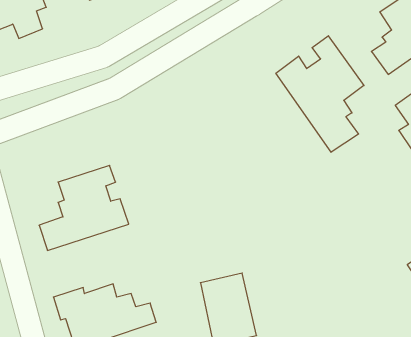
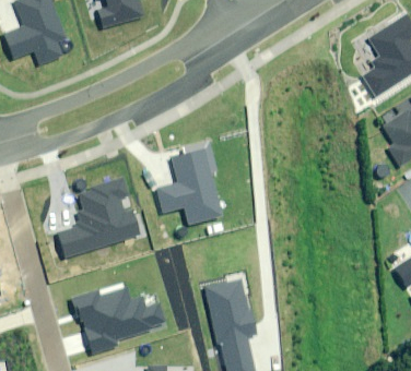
building: [276,36,364,152] -> none
building: none -> [156,148,220,225]

